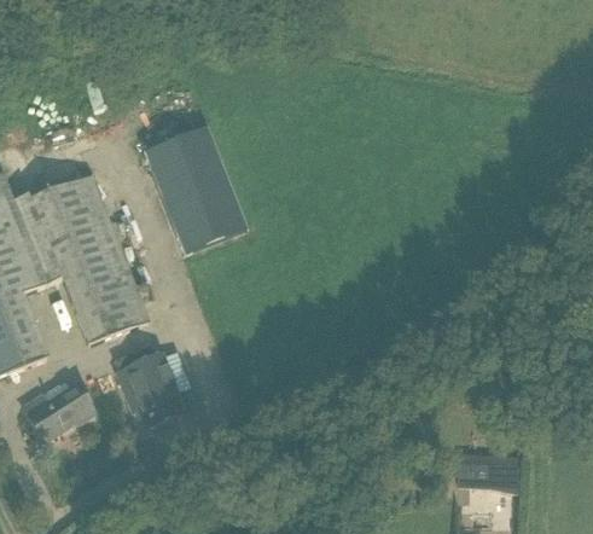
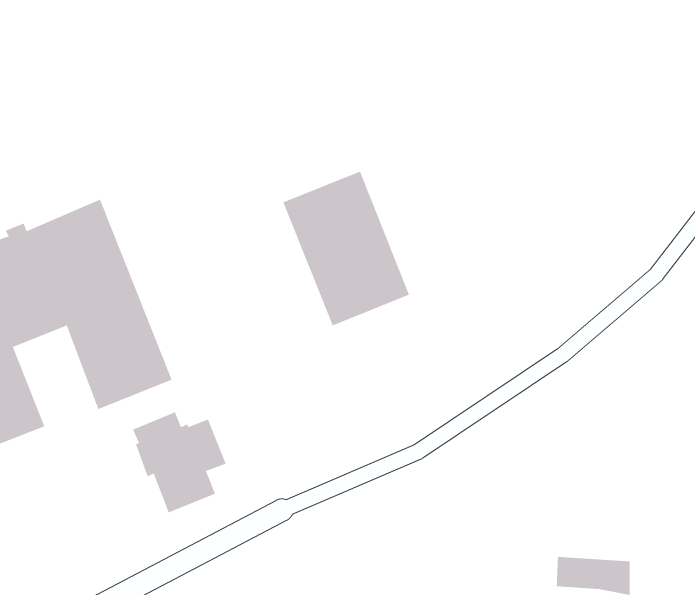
building: [144,127,246,253] -> [283,171,410,326]
building: [22,383,94,440] -> none

